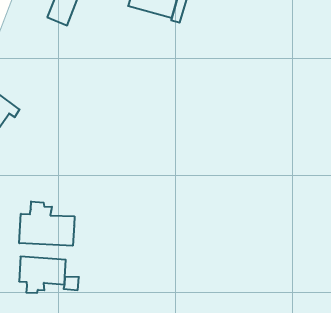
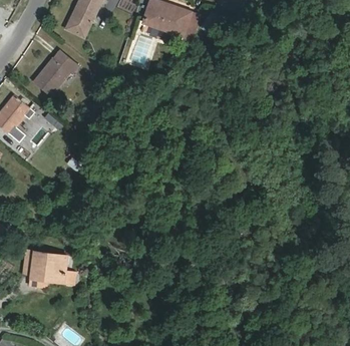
building: none -> [34,51,78,94]
building: [19,201,74,246] -> none

